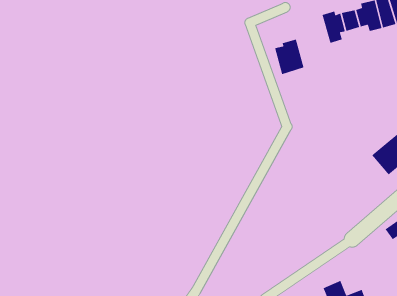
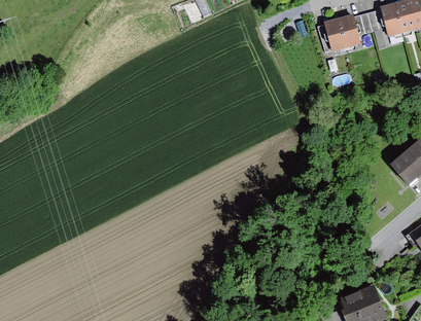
building: [274,39,305,75] -> [318,17,349,55]

